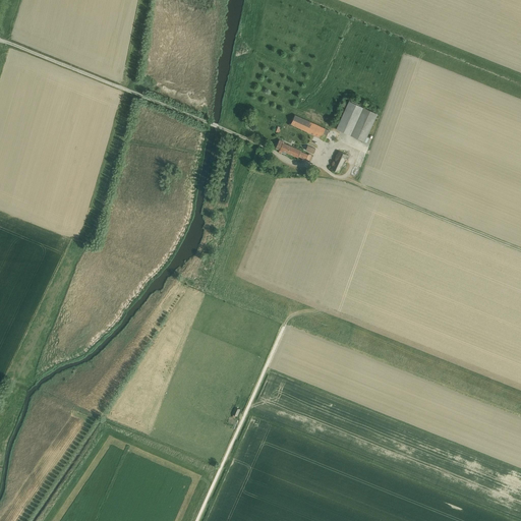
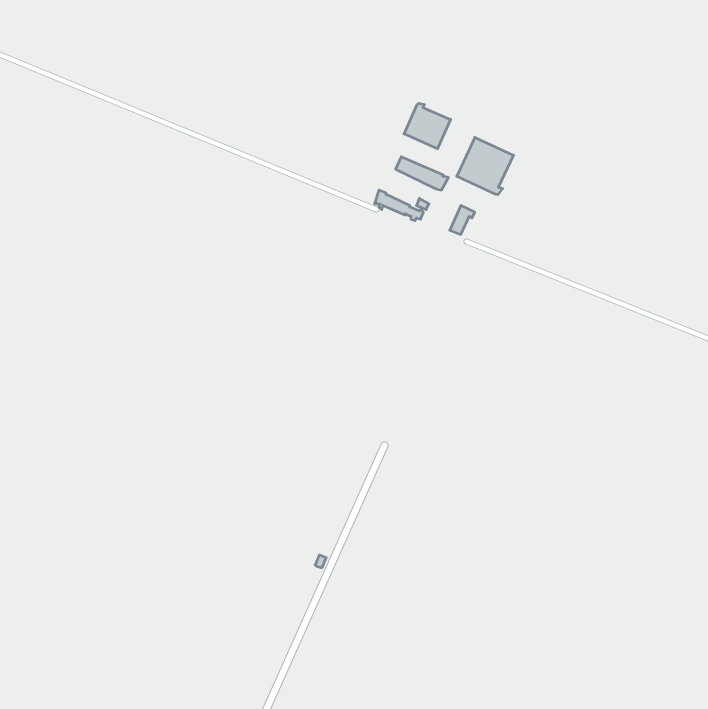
building: none -> [404,103,451,149]

